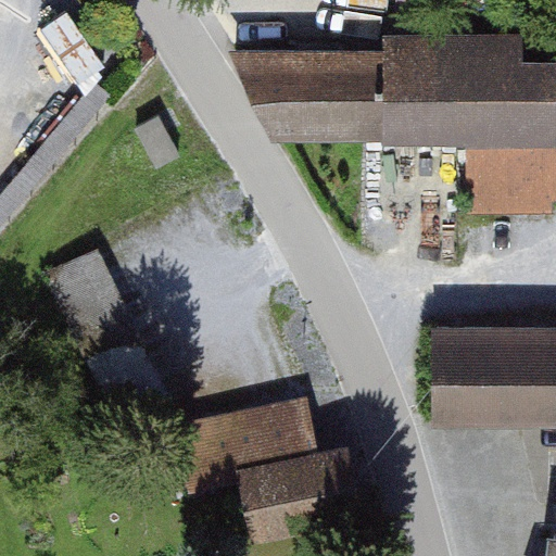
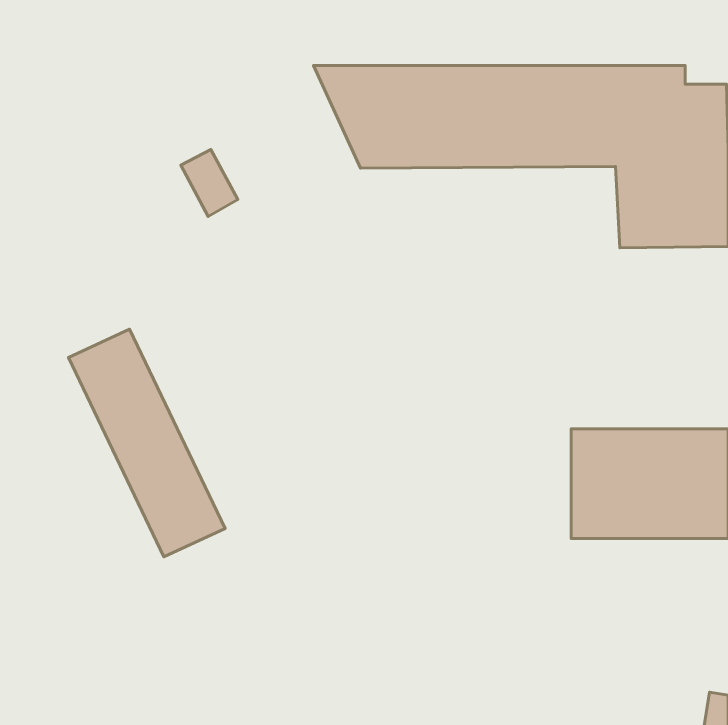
building: [181,405,355,529] -> none

